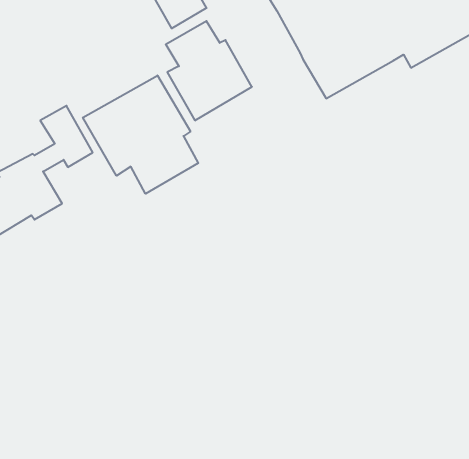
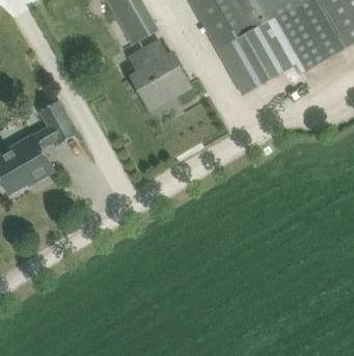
building: [83,75,198,194] -> none

